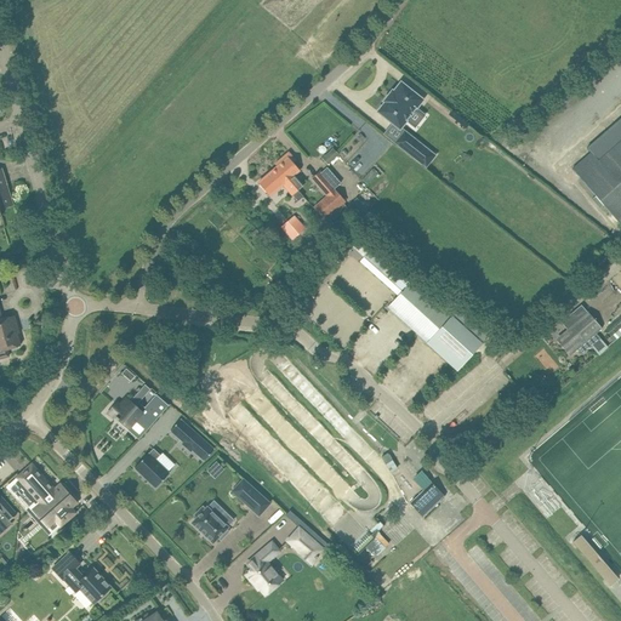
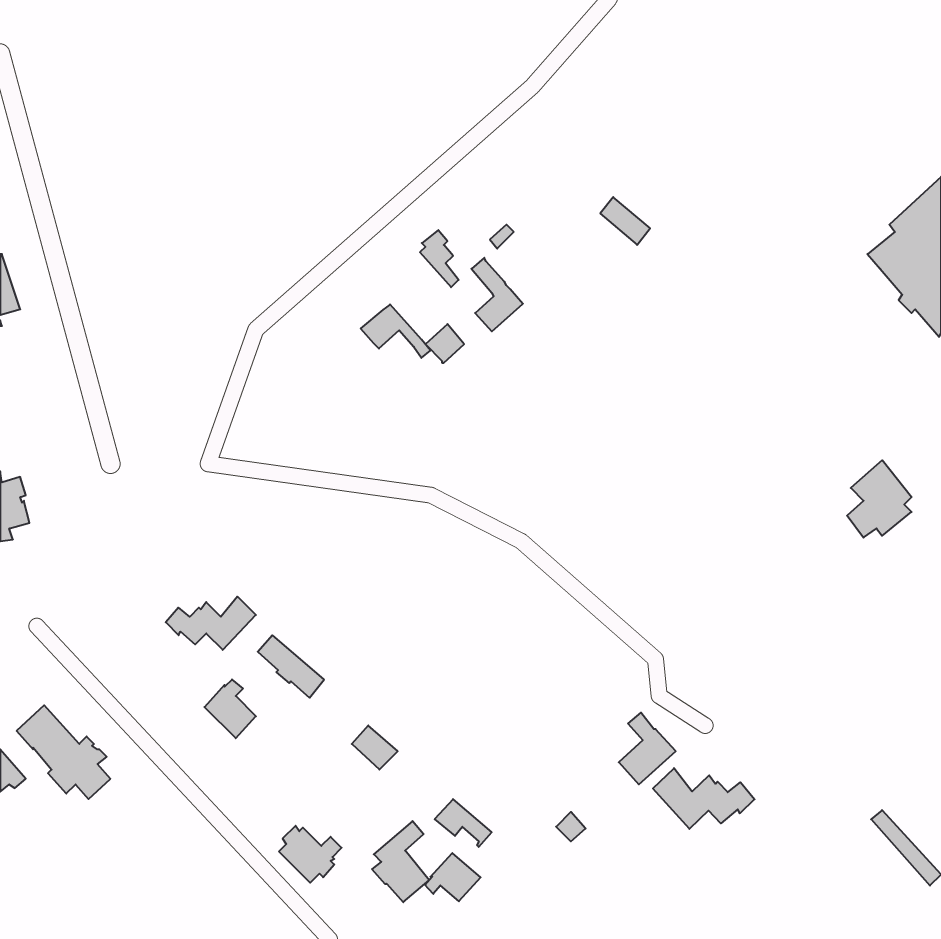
building: [377,81,422,127] -> none
building: [257,166,303,201] -> [361,304,431,358]
building: [364,241,488,370] -> none
building: [192,505,233,542] -> [279,826,342,883]
building: none -> [653,768,755,829]
building: [52,552,110,602] -> none
building: none -> [425,853,481,901]

